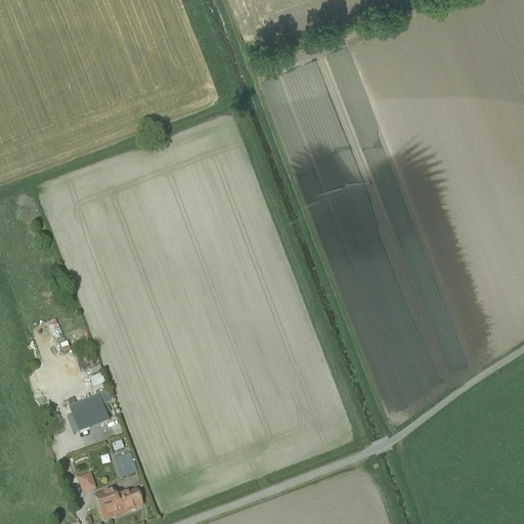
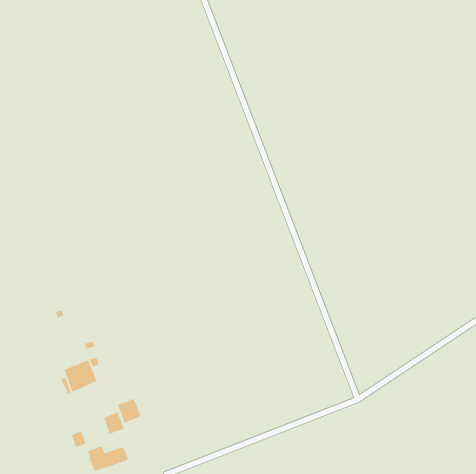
building: none -> [117,398,141,424]

